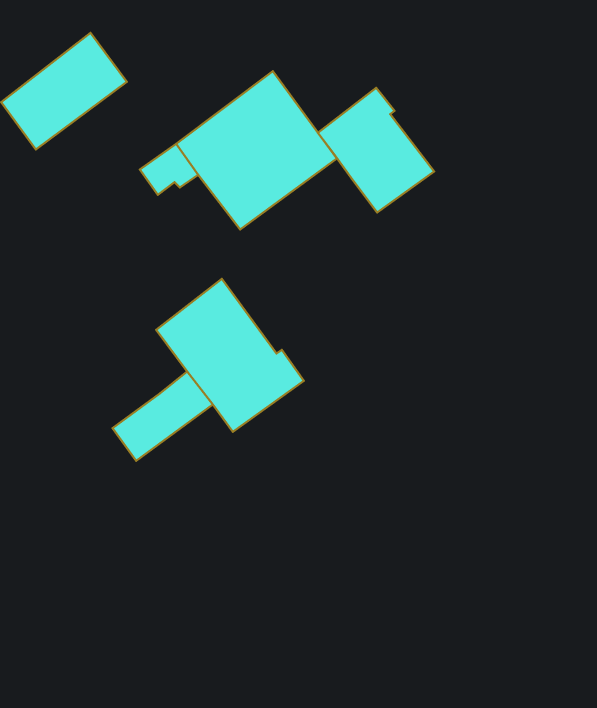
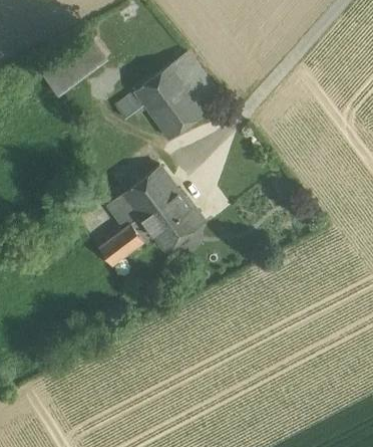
building: [318,88,434,212] -> none
building: none -> [107,194,140,229]

